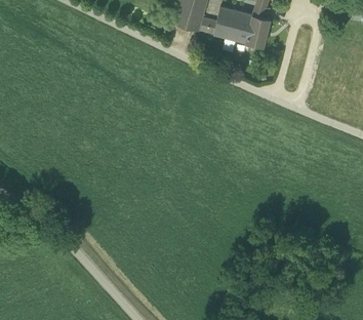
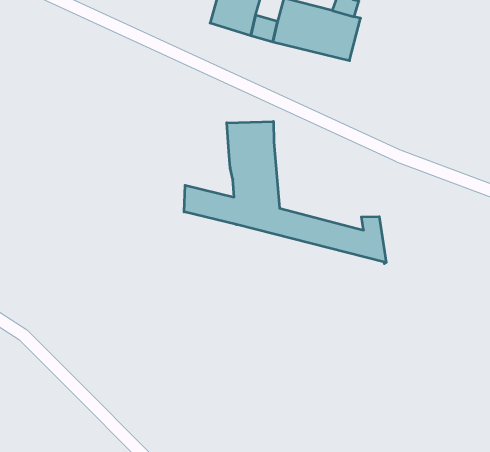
building: none -> [184,121,386,264]

